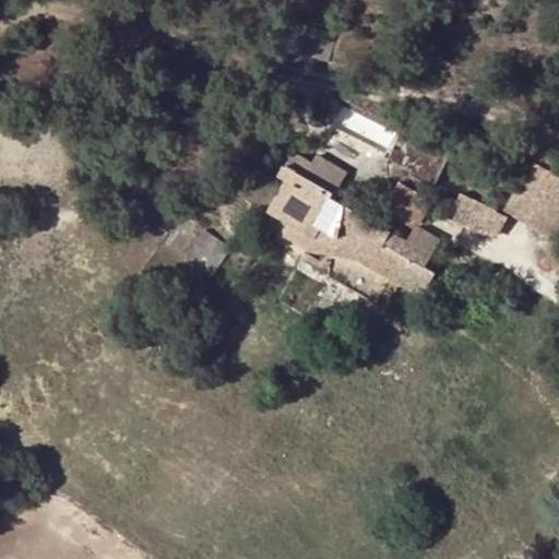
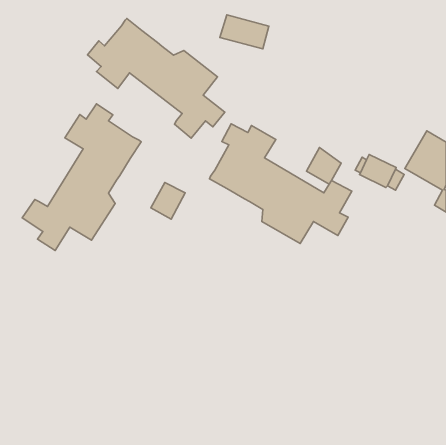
building: none -> [87,18,225,138]
building: none -> [22,104,141,250]

